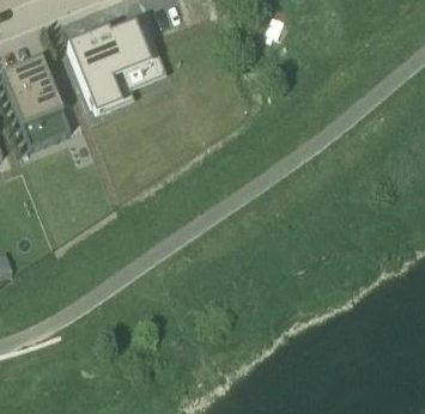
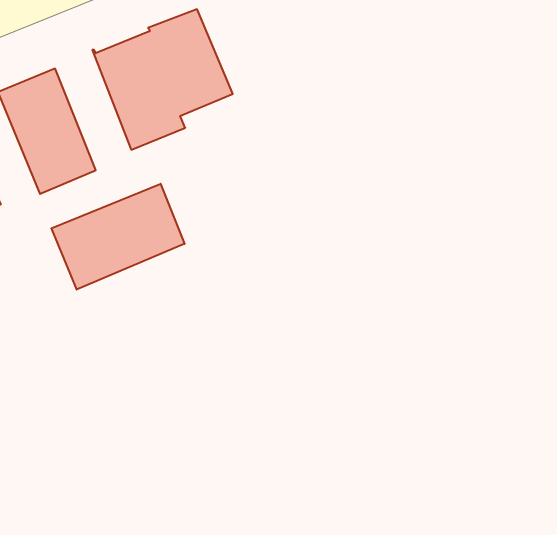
building: none -> [51,184,185,290]

